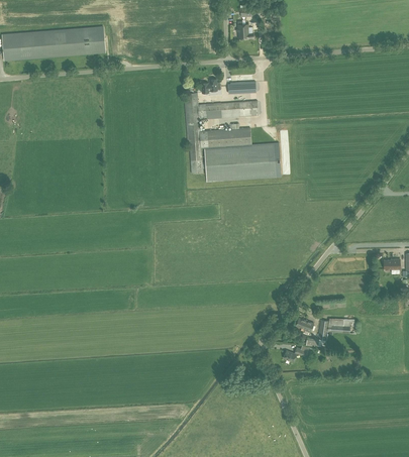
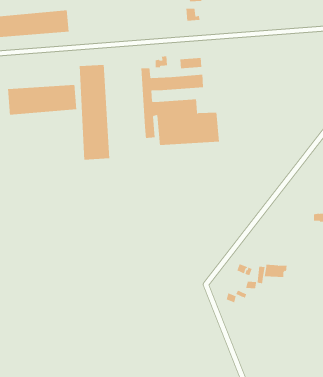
building: none -> [79,64,110,160]
building: none -> [7,84,77,115]

